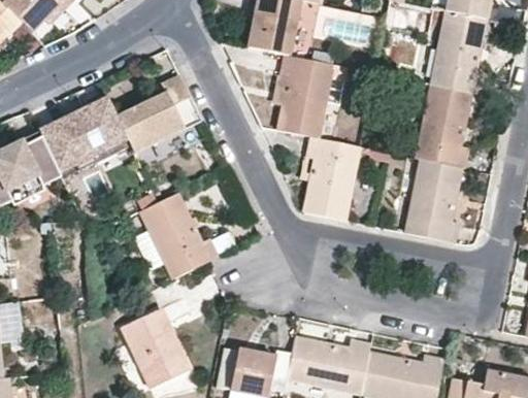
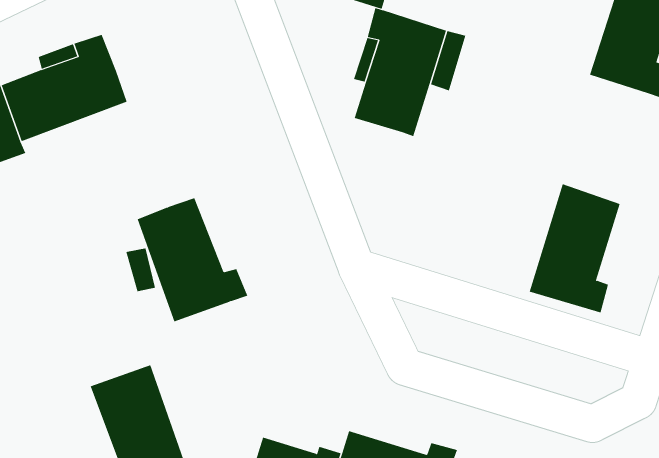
building: [116,75,202,154] -> none
building: [415,85,470,168] -> none
building: [303,136,358,220] -> none

